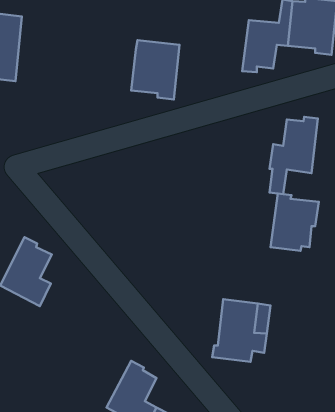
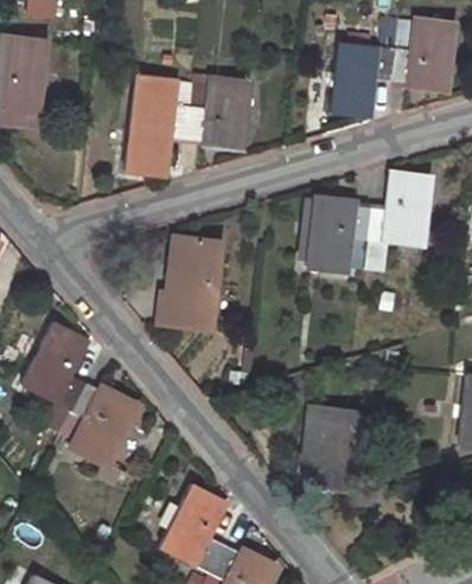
building: none -> [133,78,196,171]
building: none -> [160,238,221,327]
building: [270,193,319,251] -> [312,195,375,270]
building: none -> [59,387,136,473]

